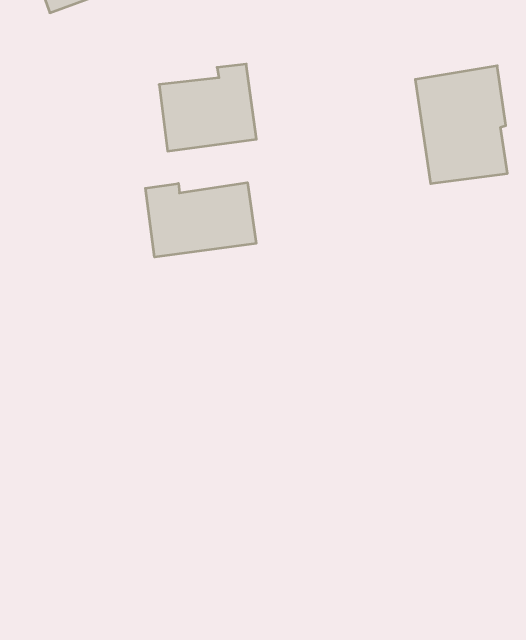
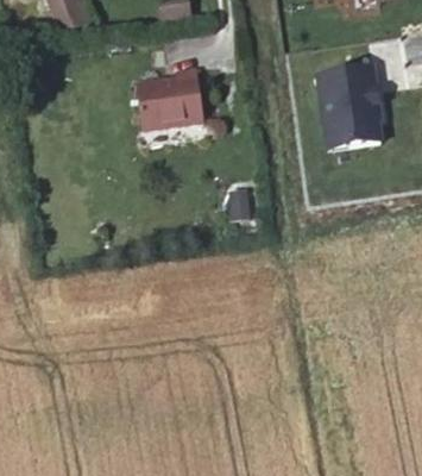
building: [145,183,256,257] -> none

